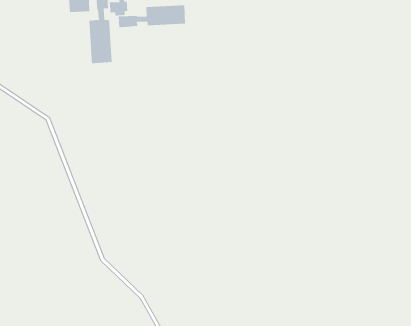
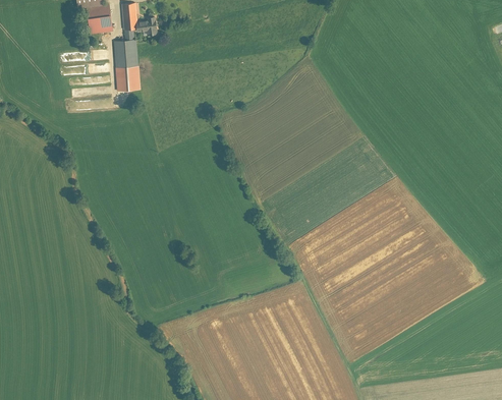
building: [118,4,185,28] -> none

